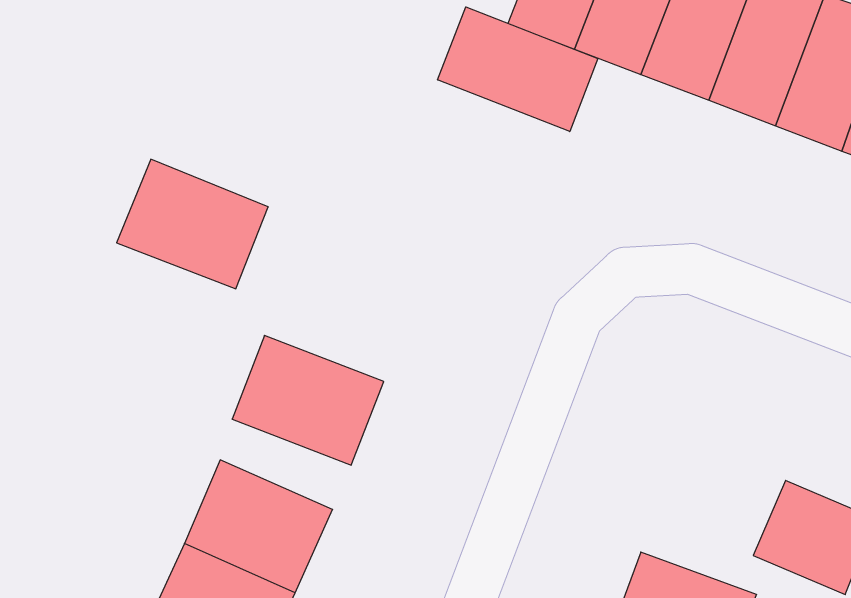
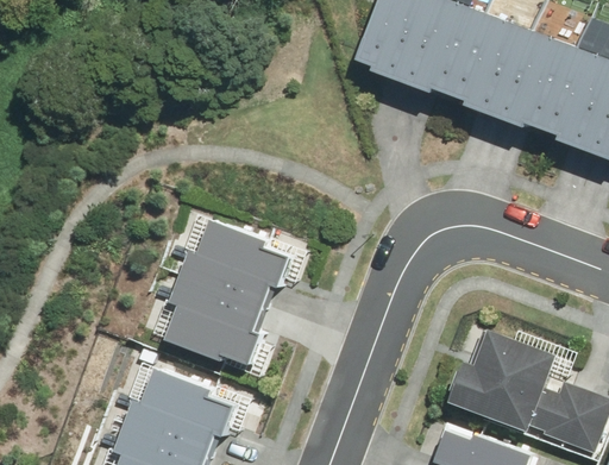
building: [438,7,598,132] -> none
building: [117,159,268,289] -> [186,221,291,312]
building: none -> [442,335,554,448]

